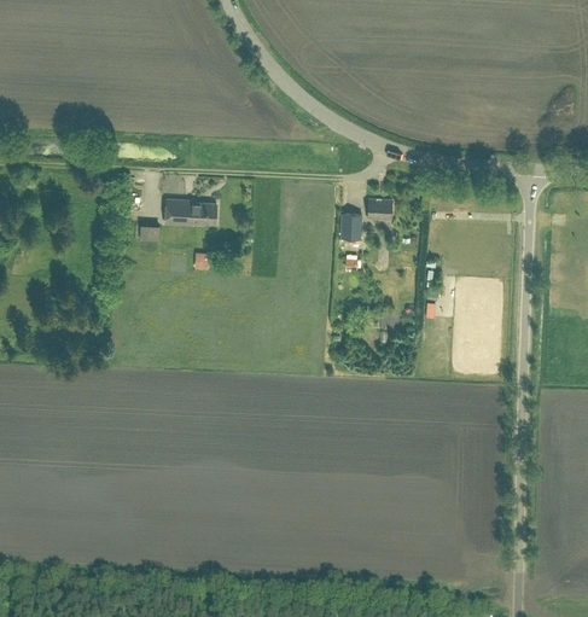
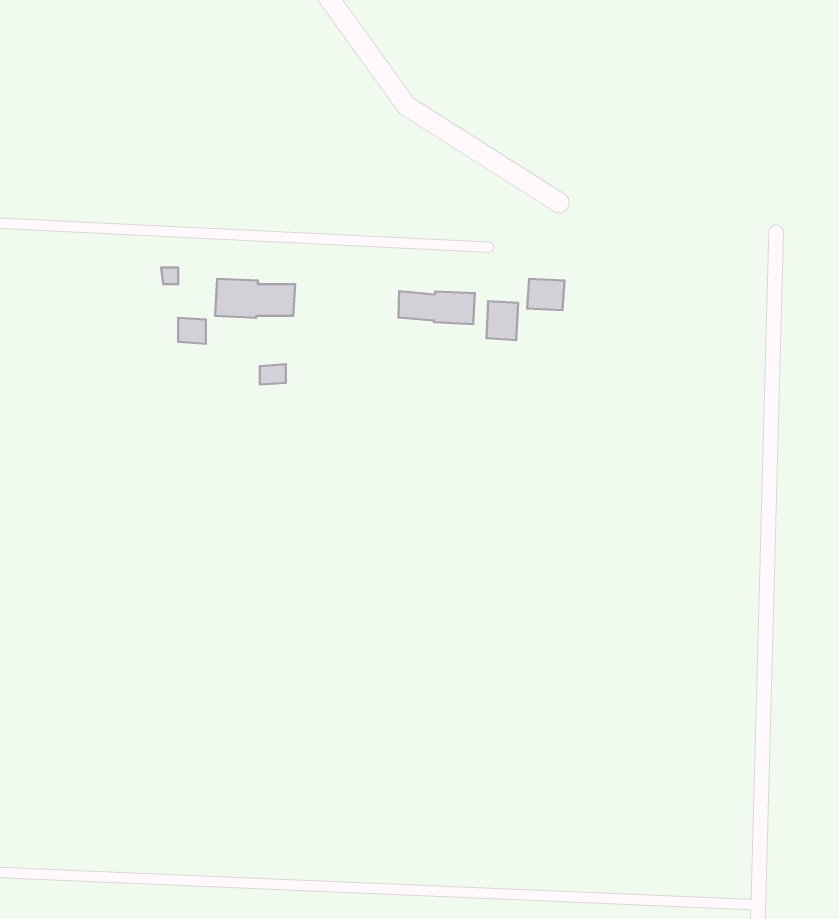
building: none -> [398,291,475,324]

